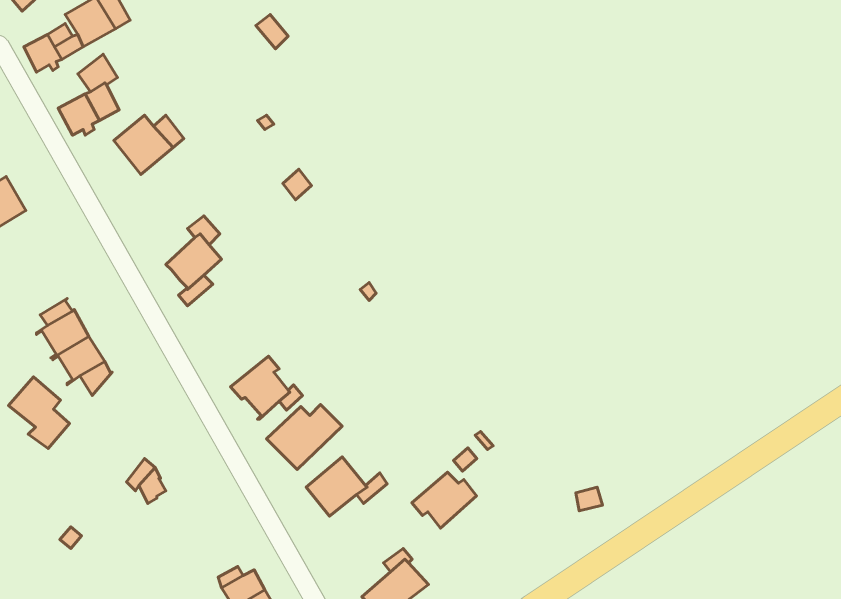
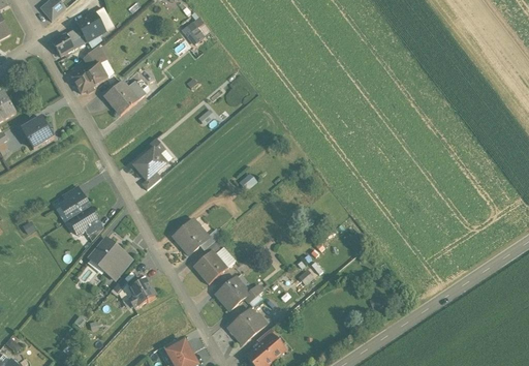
building: [8,377,70,449] -> [91,238,126,279]
building: none -> [128,279,154,308]
building: [412,472,476,528] -> [227,310,264,342]

